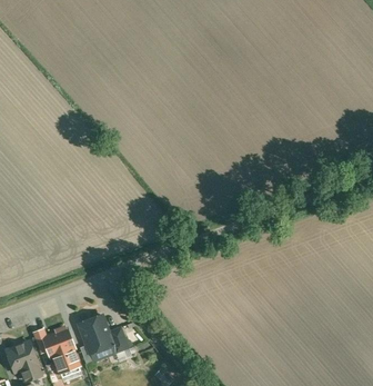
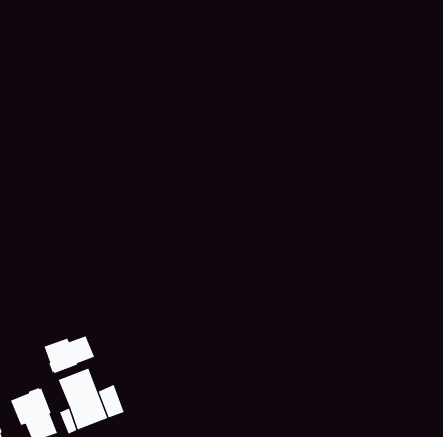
building: none -> [44,335,95,374]

